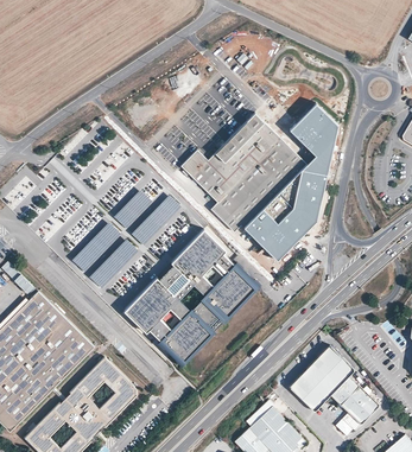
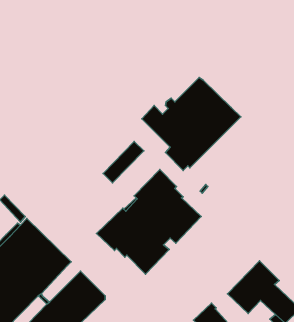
building: [245,104,338,260] -> none
building: [115,191,154,229] -> none
building: [72,223,122,273] -> none
building: [90,240,140,289] -> none

